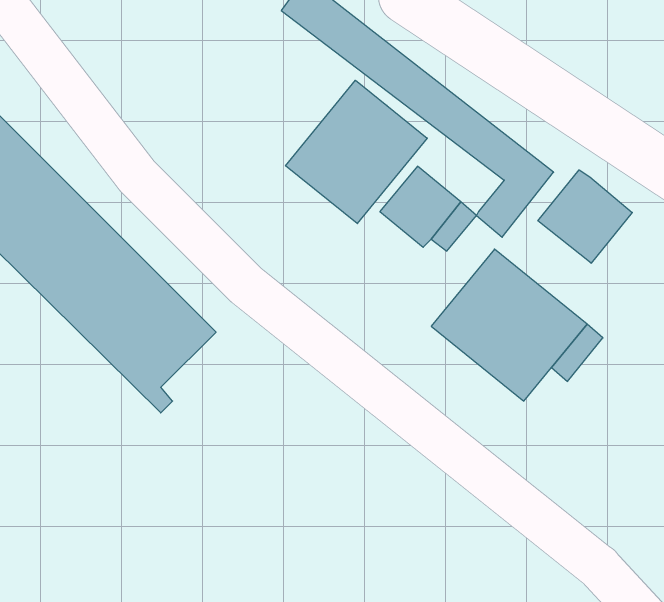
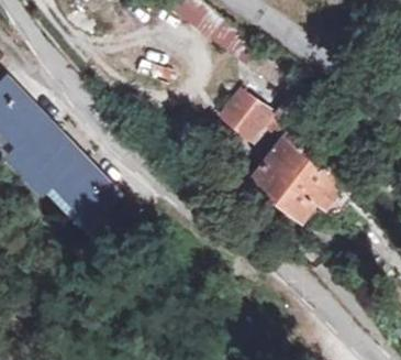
building: [286,80,427,224] -> none
building: [538,170,632,263] -> none

